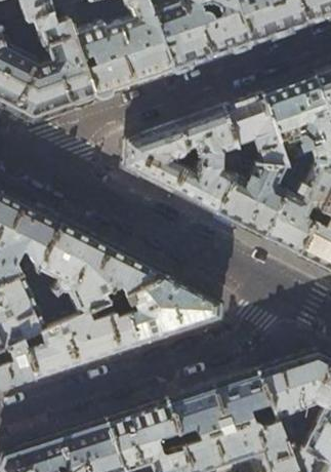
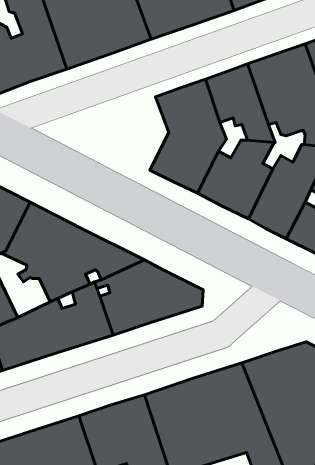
building: [124,124,189,192] -> none

